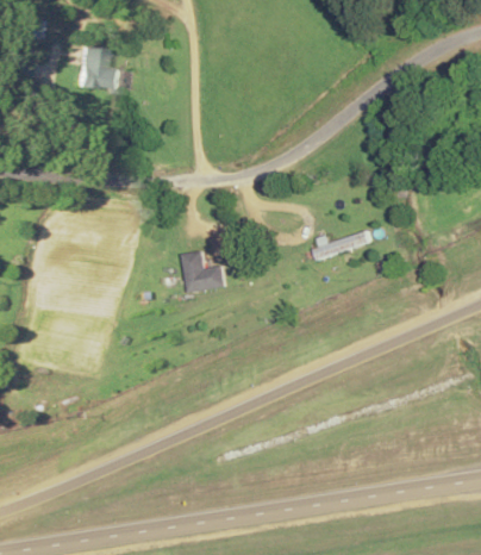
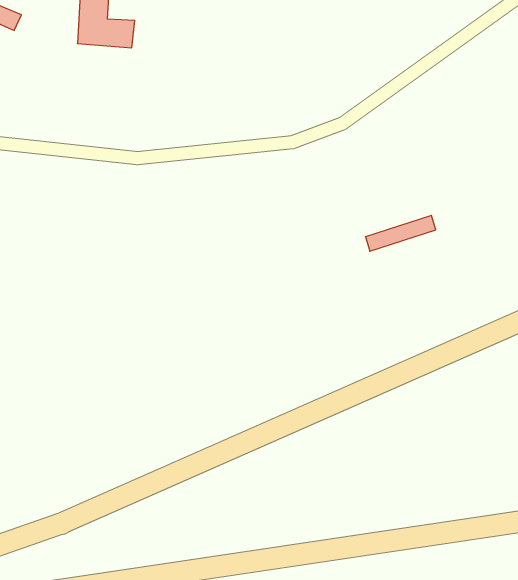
building: [187,250,230,292] -> none

